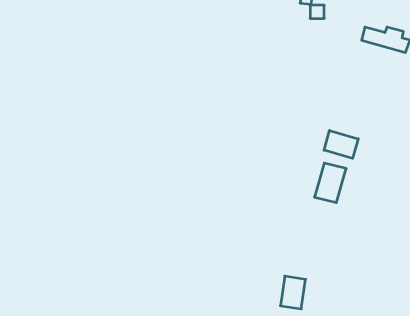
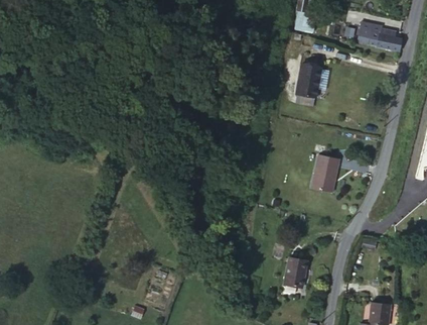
building: none -> [297,62,322,97]
building: [324,130,358,158] -> none

